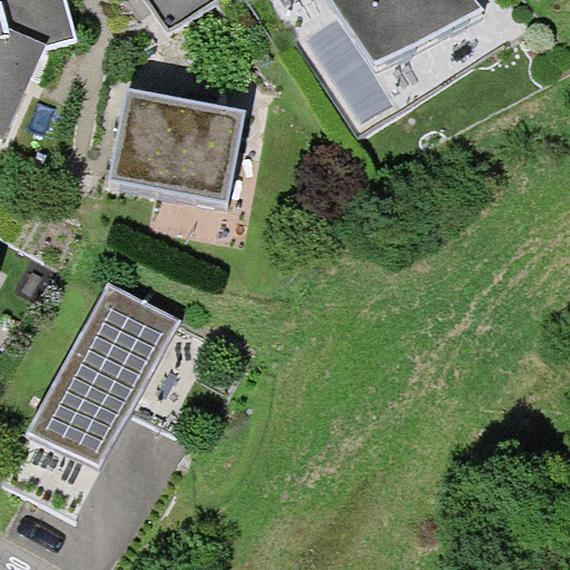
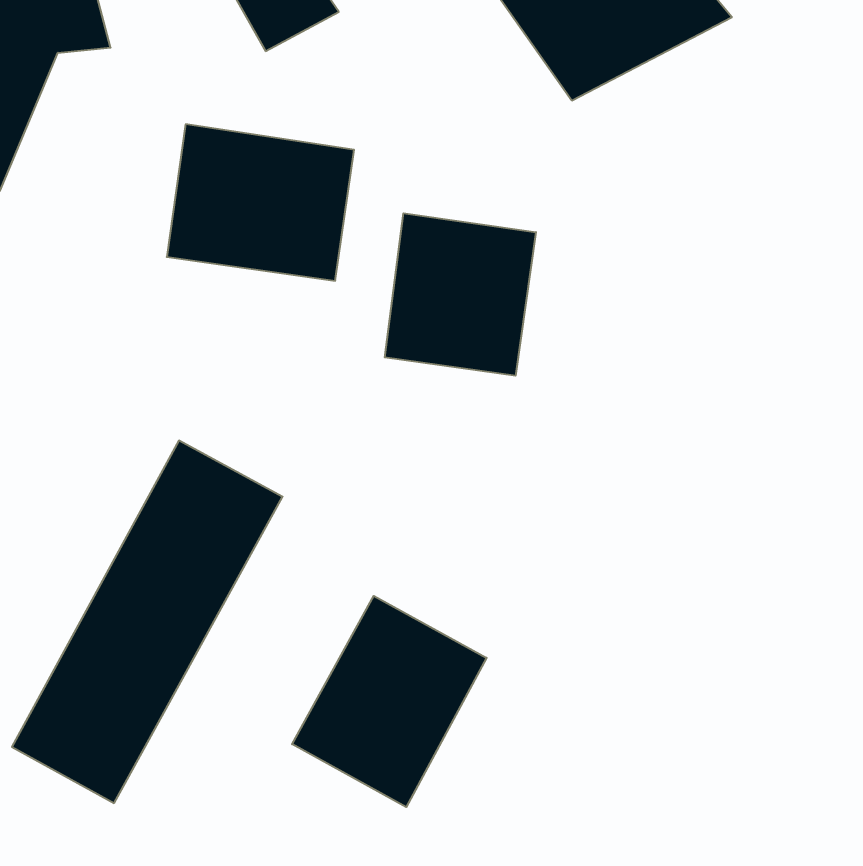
building: none -> [385,213,536,376]
building: none -> [292,596,487,807]

